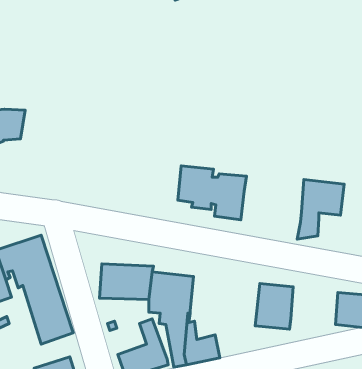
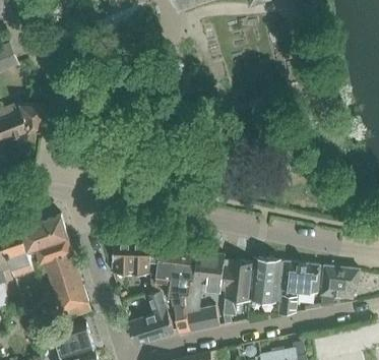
building: [178,166,247,220] -> [192,254,253,302]
building: [297,180,344,239] -> [277,263,319,316]

